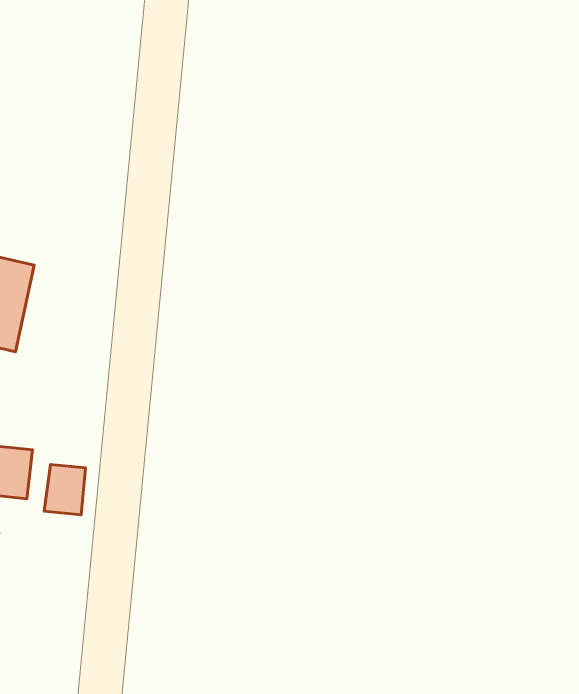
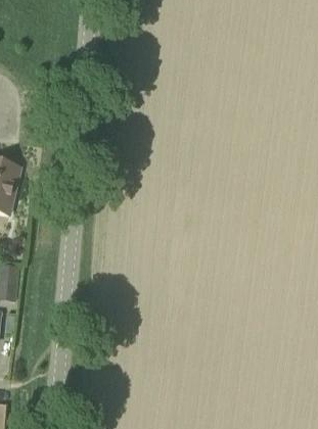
building: [44,464,86,515] -> none

